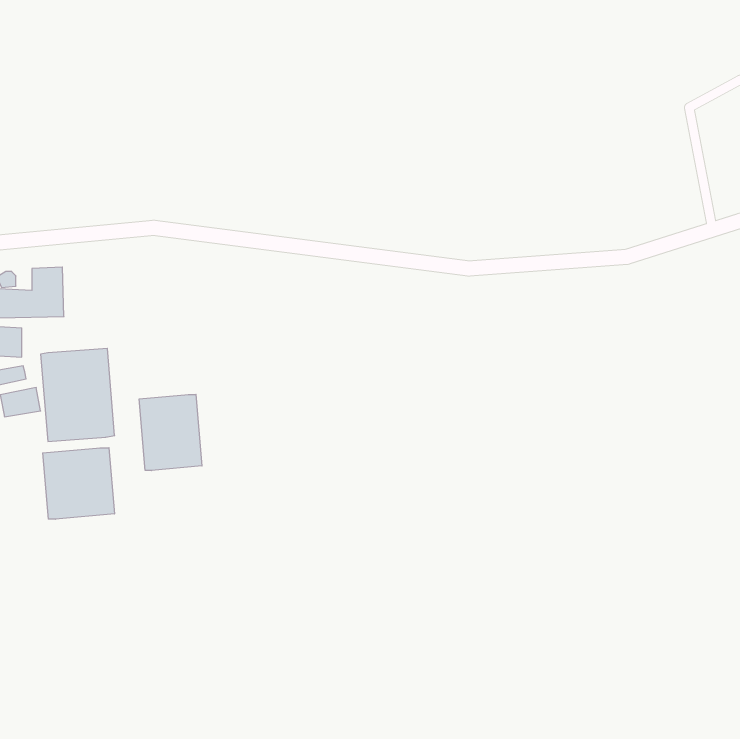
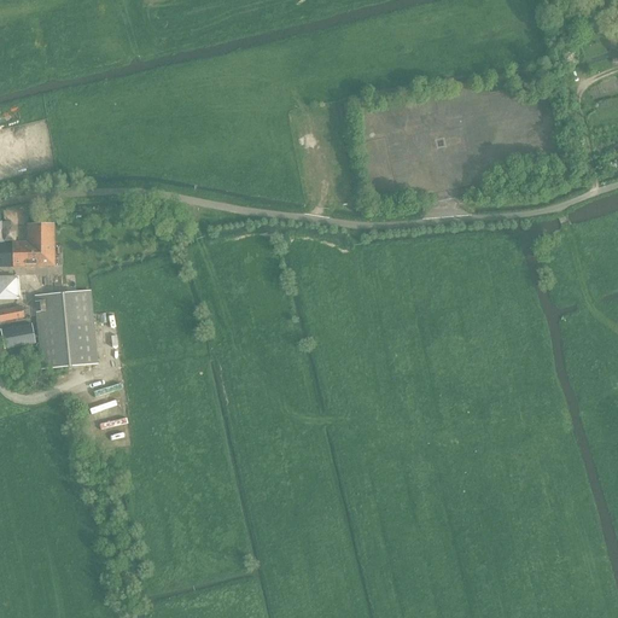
building: [139,394,202,471] -> none
building: [43,448,114,519] -> none

